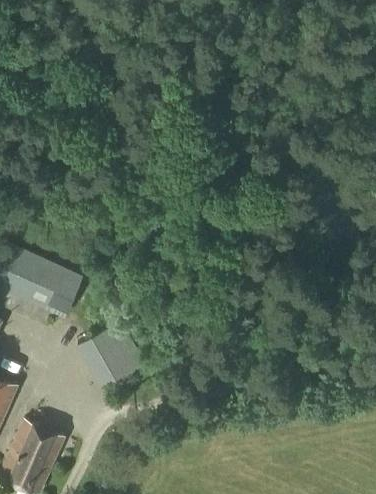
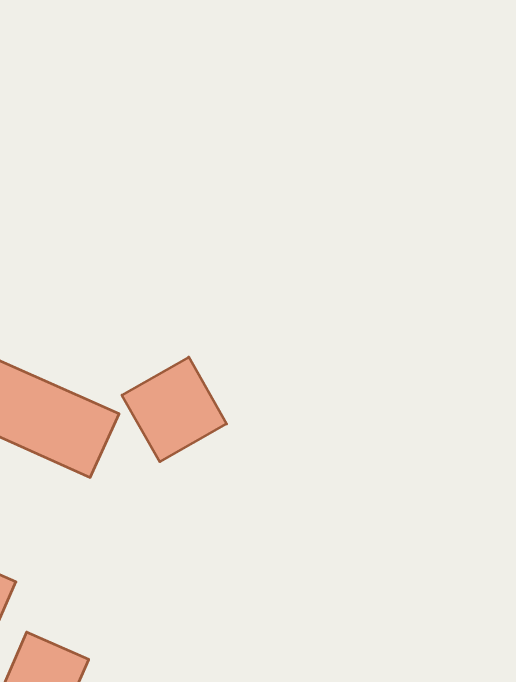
building: [77,319,146,388] -> [122,357,227,462]

